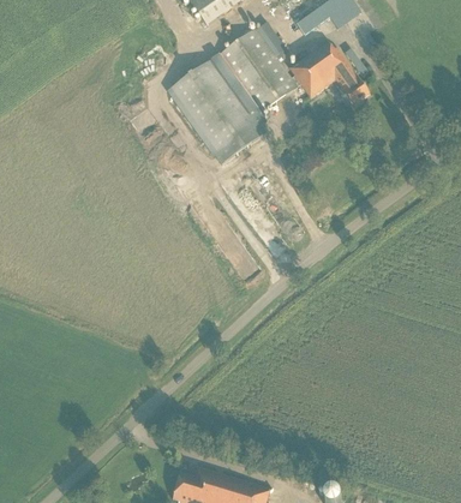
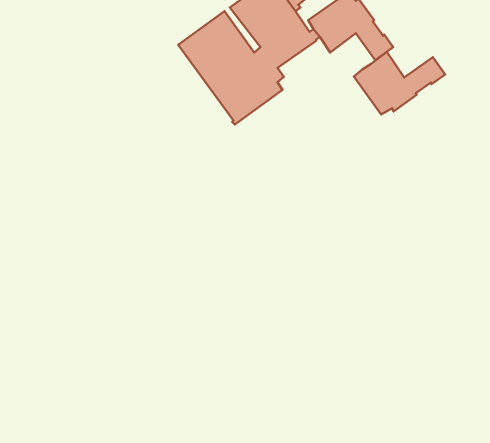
building: none -> [354,52,445,115]

